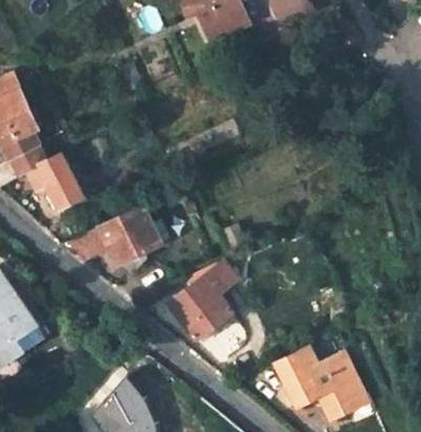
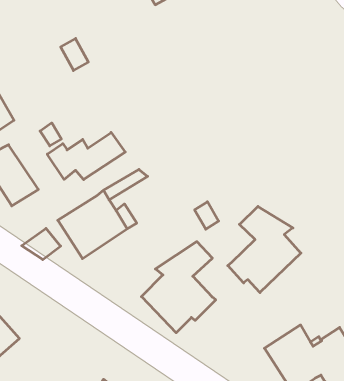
building: none -> [47,132,125,180]
building: none -> [228,206,301,293]

